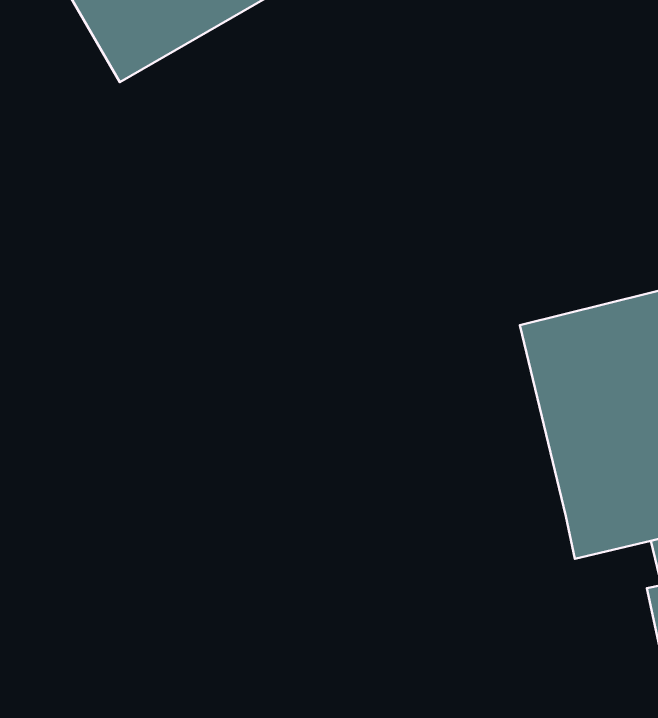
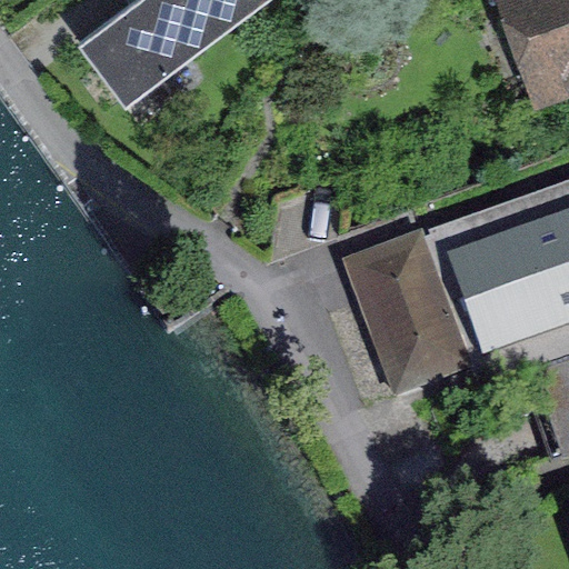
building: none -> [348,238,470,395]

